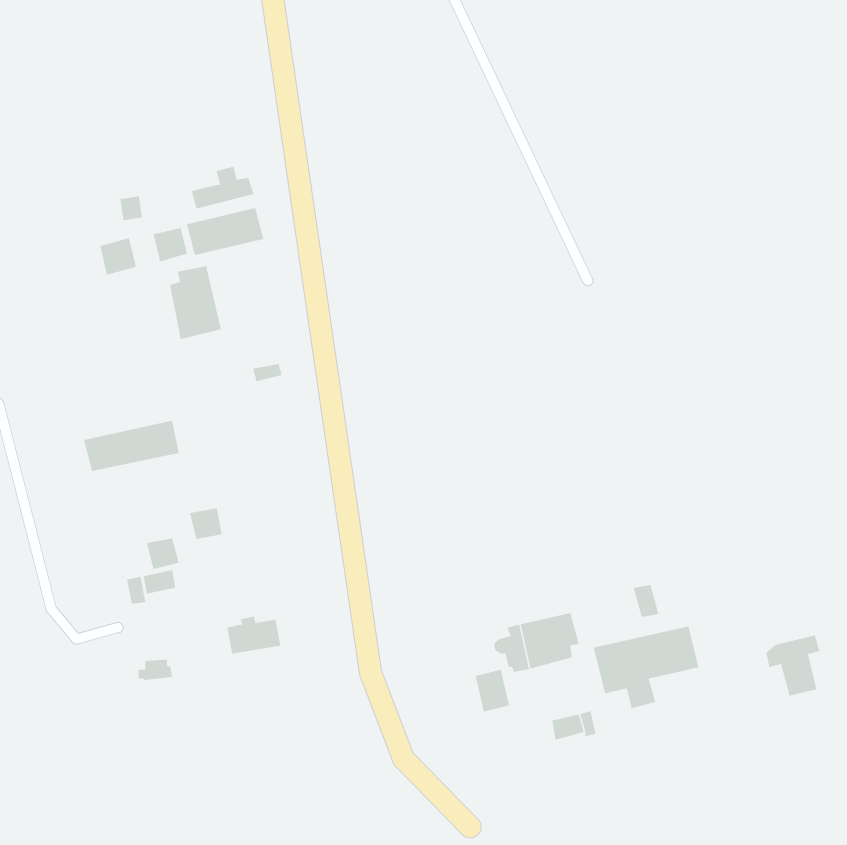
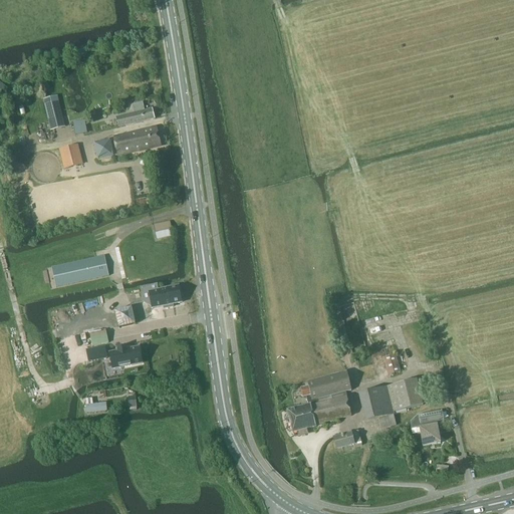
building: none -> [42,95,64,128]
building: [169,266,222,340] -> none
building: none -> [149,285,181,307]
building: [226,616,281,654] -> [108,344,142,367]
building: [766,635,820,696] -> [410,409,443,446]
building: none -> [303,398,350,427]

